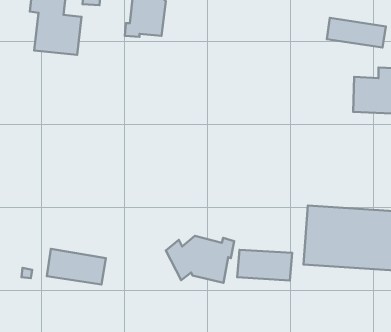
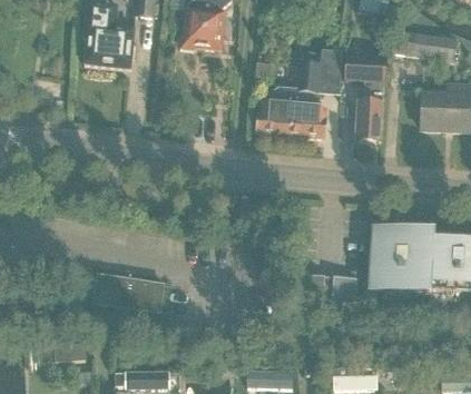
building: none -> [345,52,386,139]
building: none -> [257,60,326,136]
building: [166,236,234,283] -> none

